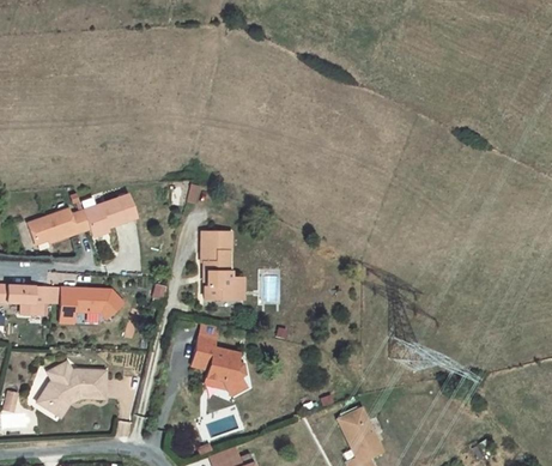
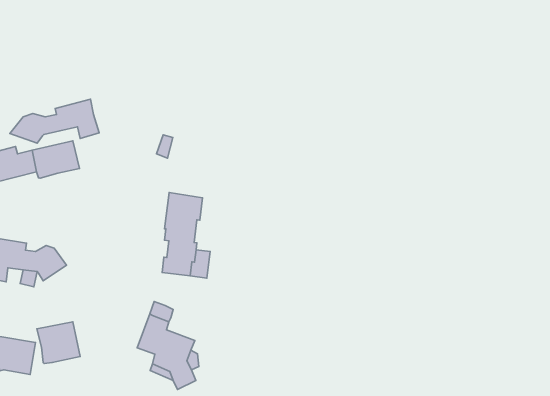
building: none -> [10,99,99,143]
building: none -> [37,322,80,363]

